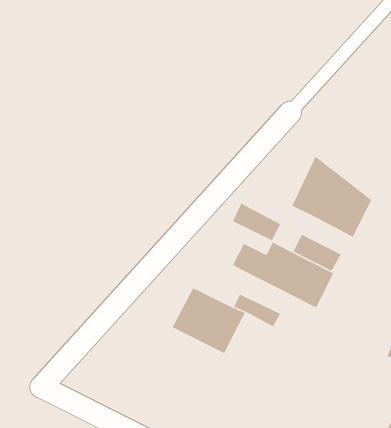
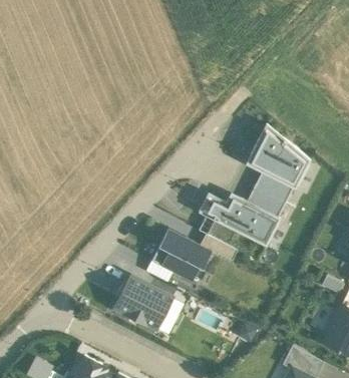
building: [232,202,281,242] -> [253,171,292,203]
building: none -> [113,278,177,333]

